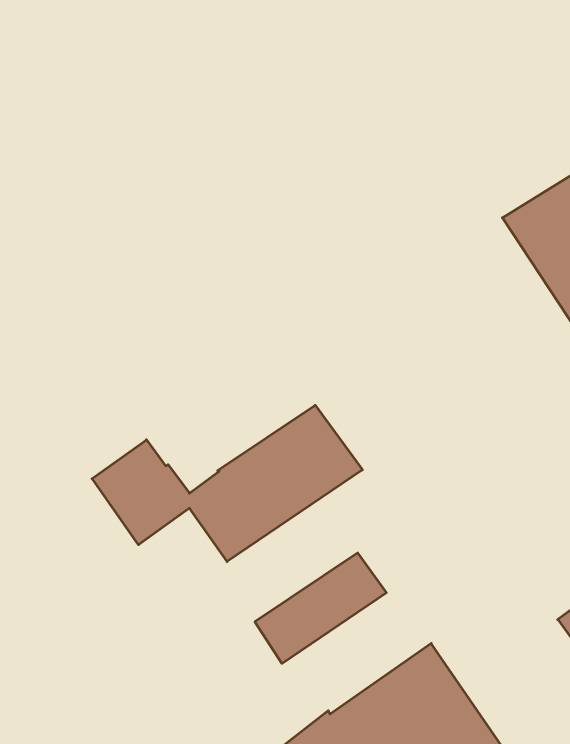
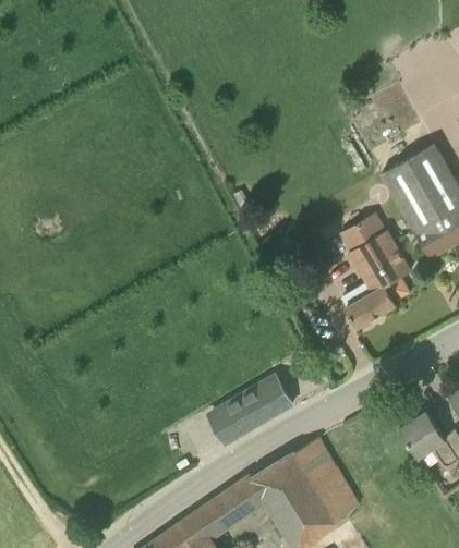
building: none -> [340,215,411,328]
building: [92,405,362,562] -> none

